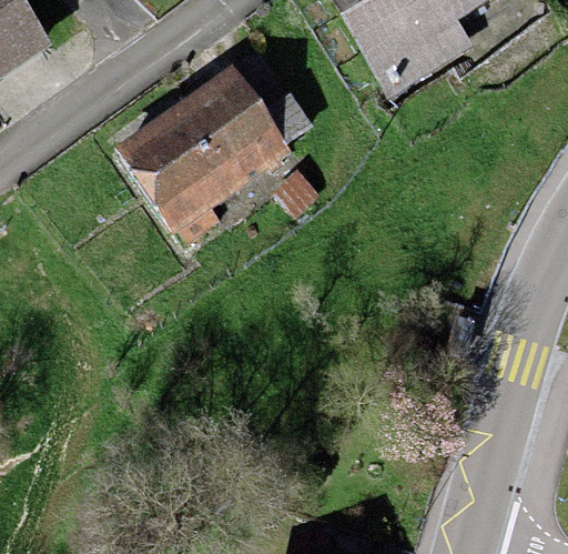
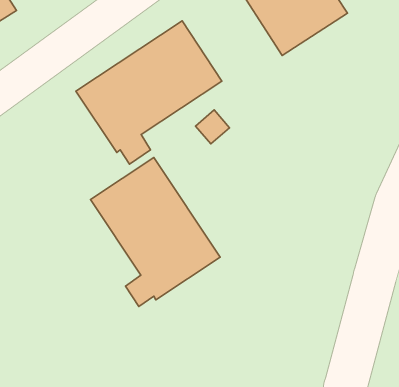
building: none -> [91,157,220,306]

